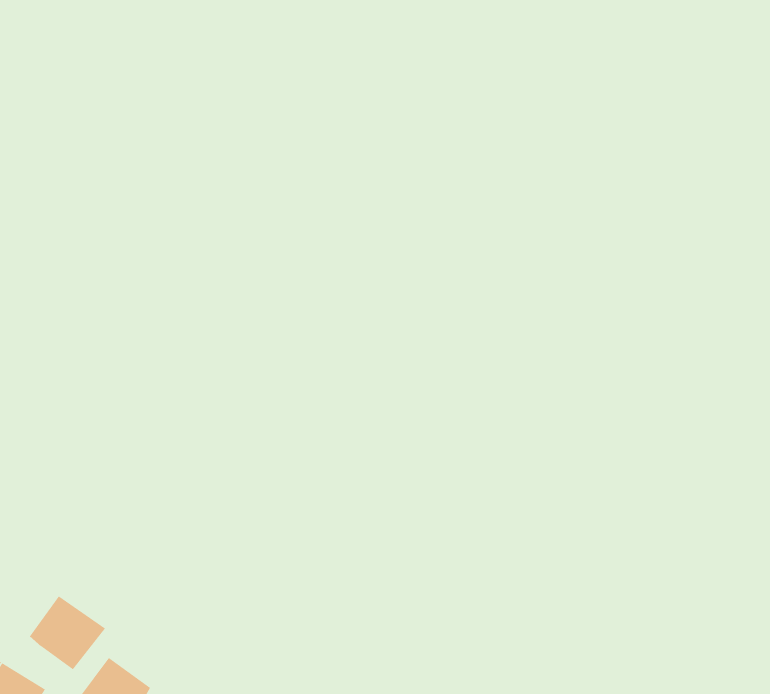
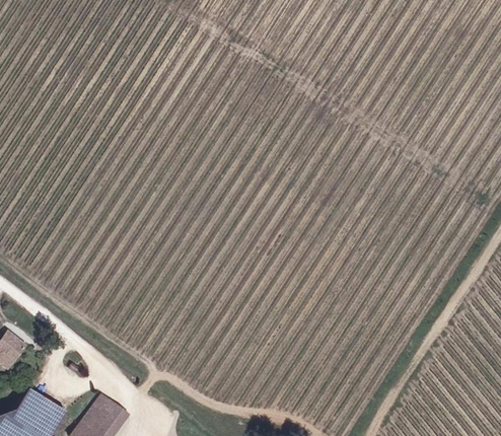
building: [29,595,106,670] -> none

